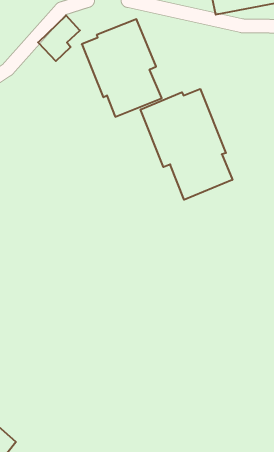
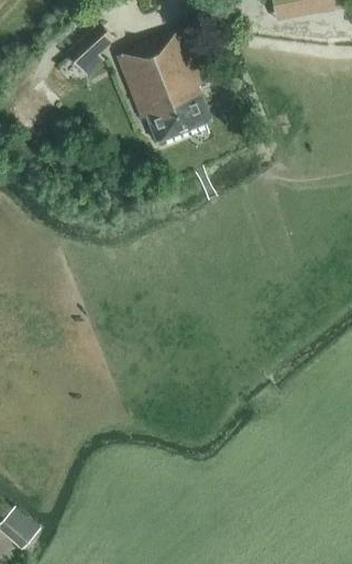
building: [141,89,232,200] -> none

